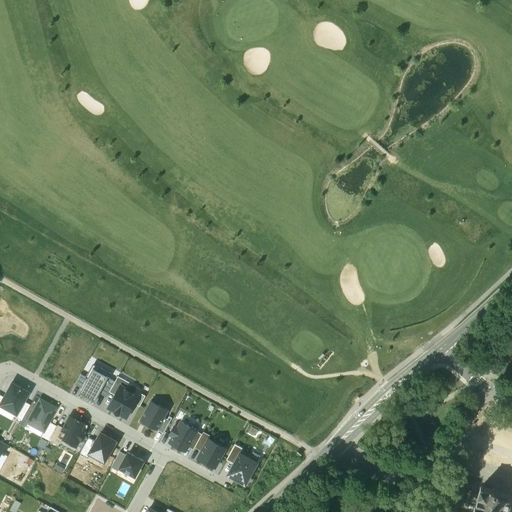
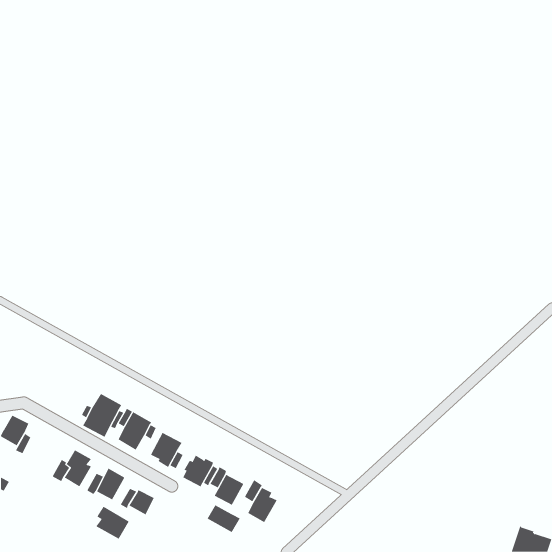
building: [26,398,57,432] -> none
building: none -> [207,504,240,533]
building: none -> [96,506,129,540]

